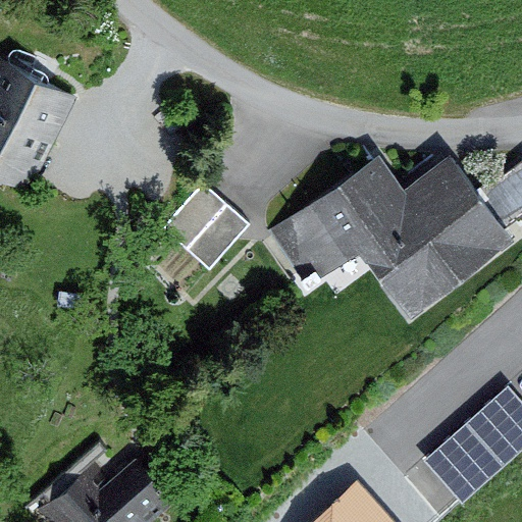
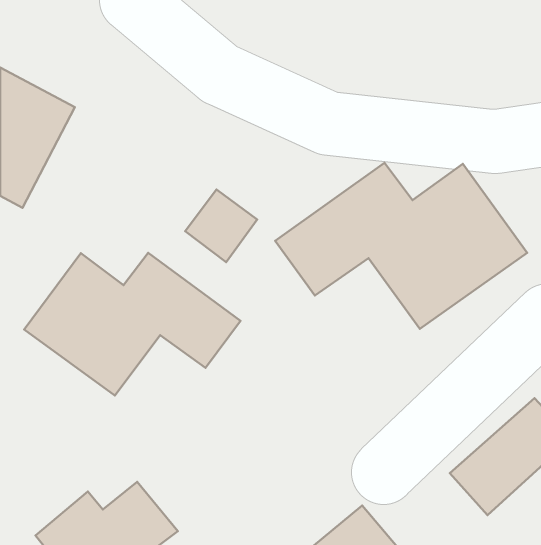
building: none -> [24,253,240,396]

